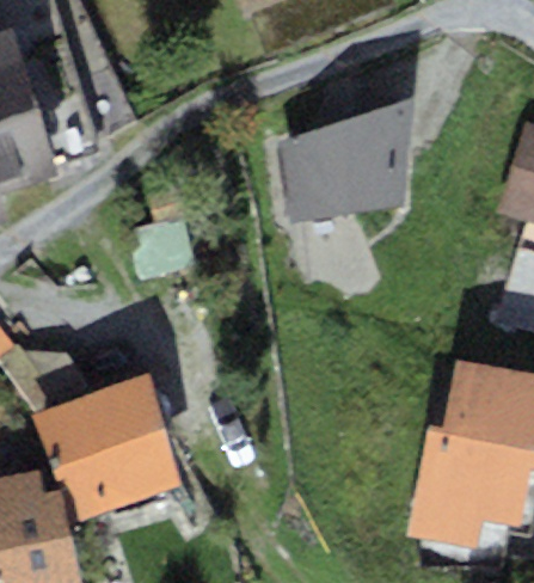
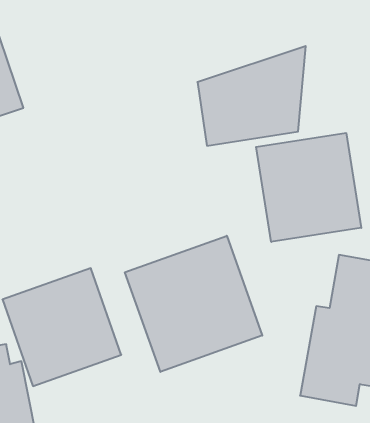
building: none -> [256,133,361,242]
building: none -> [125,236,262,372]

